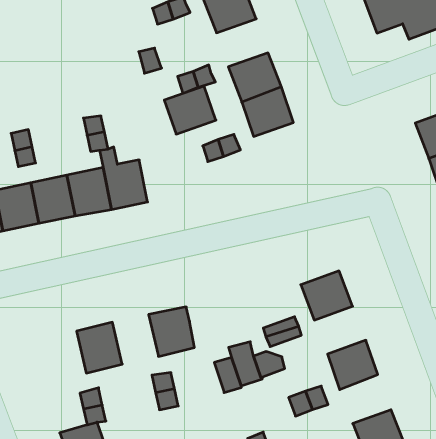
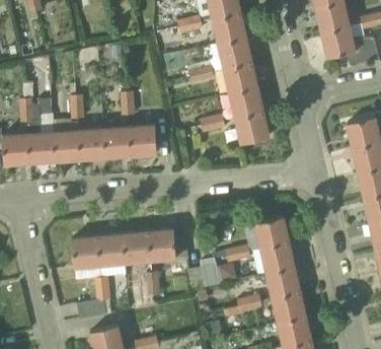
building: [164,86,216,134] -> [219,39,252,69]
building: none -> [235,113,270,144]
building: none -> [260,243,294,274]
building: none -> [123,231,151,263]
building: none -> [71,236,100,279]
building: none -> [272,292,305,324]

